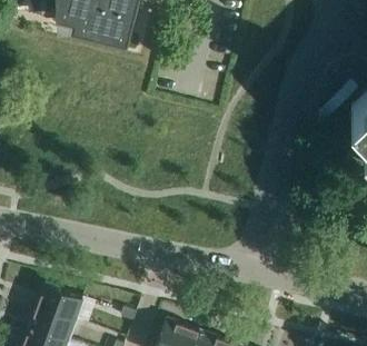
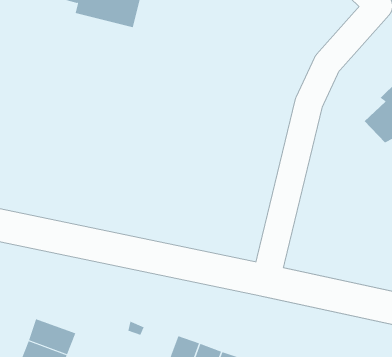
building: [38,288,81,323] -> none

